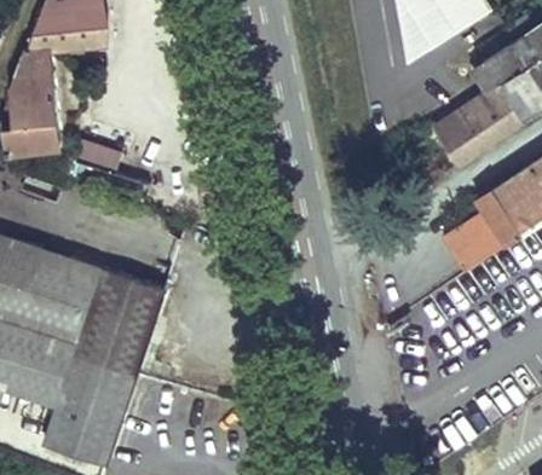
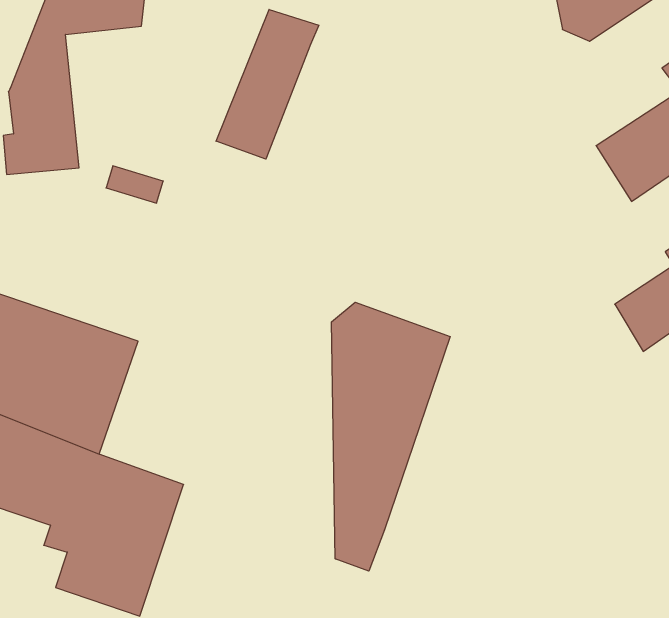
building: none -> [216,9,319,159]
building: none -> [332,302,450,571]
building: [75,266,163,369] -> none

